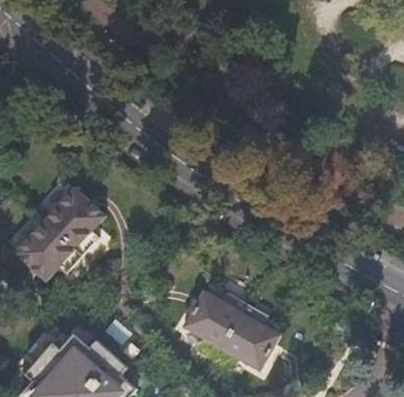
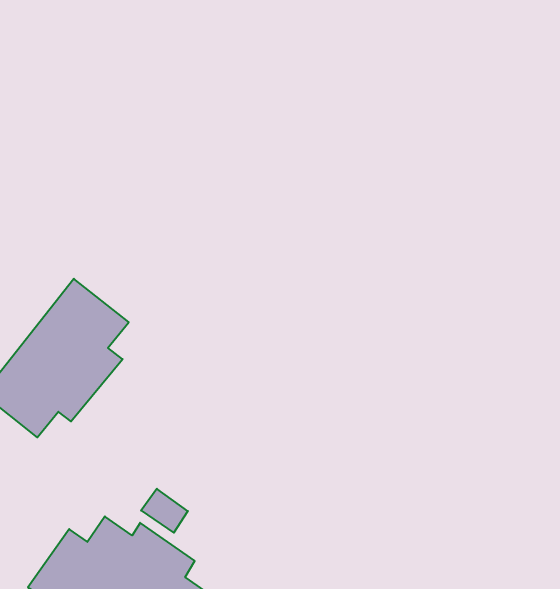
building: [179,289,282,372] -> none

